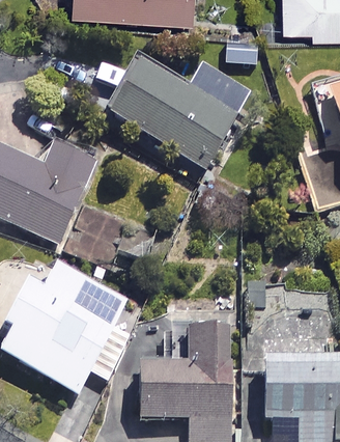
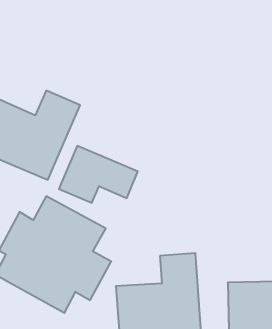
building: [108,51,248,167] -> none

